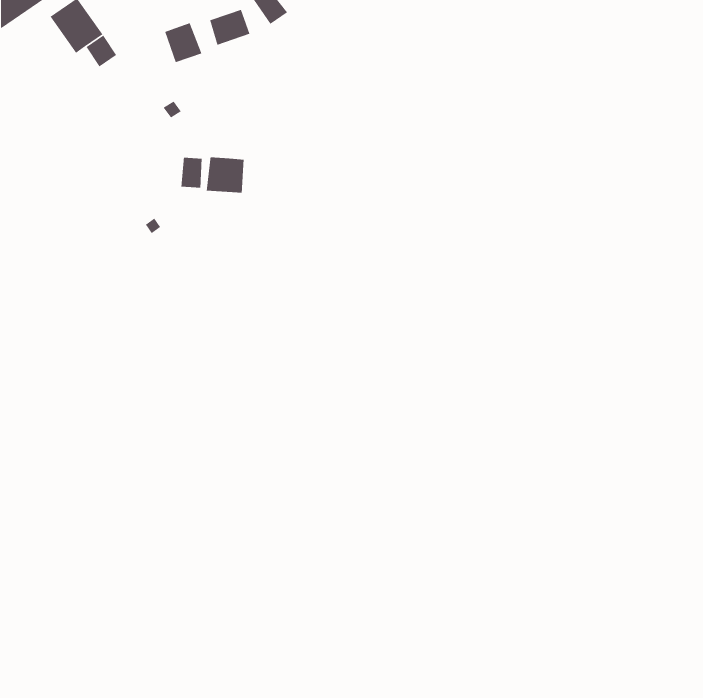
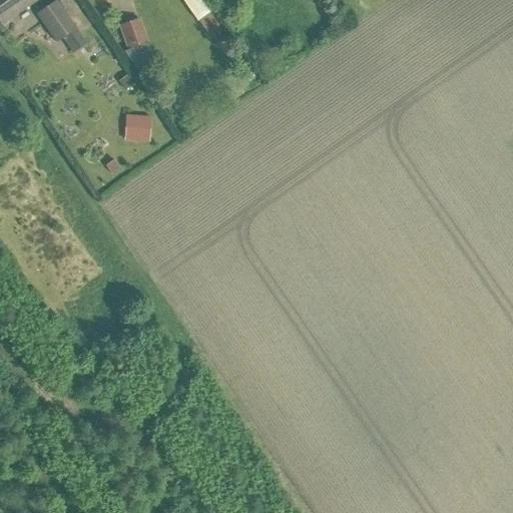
building: [209,9,251,46] -> none
building: [206,156,245,194] -> none

